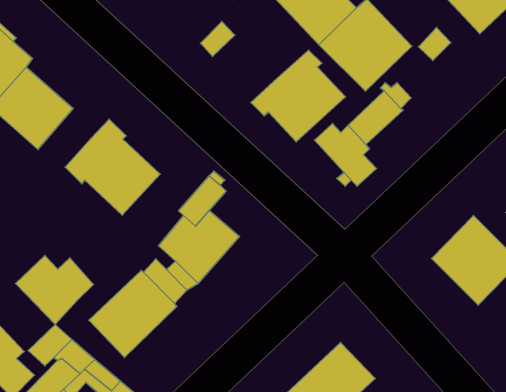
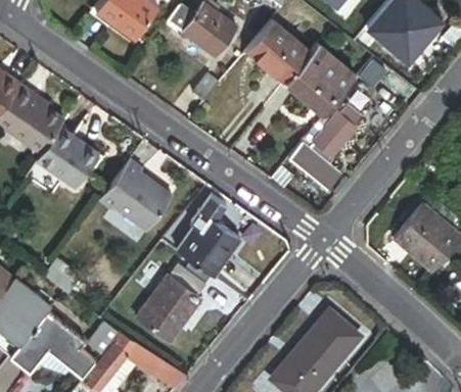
building: [251,50,345,142] -> none
building: [15,255,93,324] -> none

